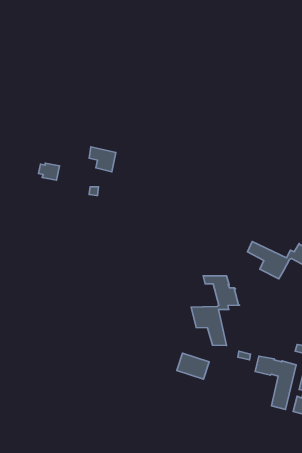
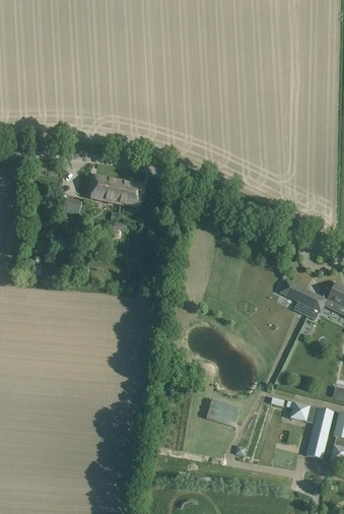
building: none -> [91,175,122,201]
building: [191,276,239,346] -> none

